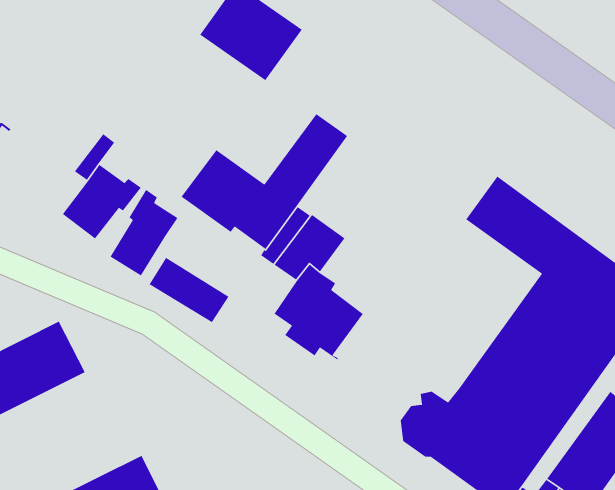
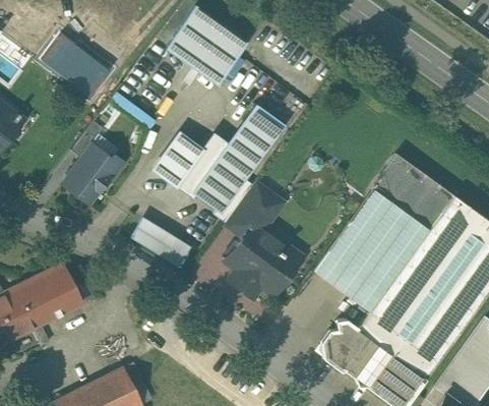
building: none -> [44,36,111,97]
building: [110,189,179,277] -> none
building: none -> [309,188,430,317]

